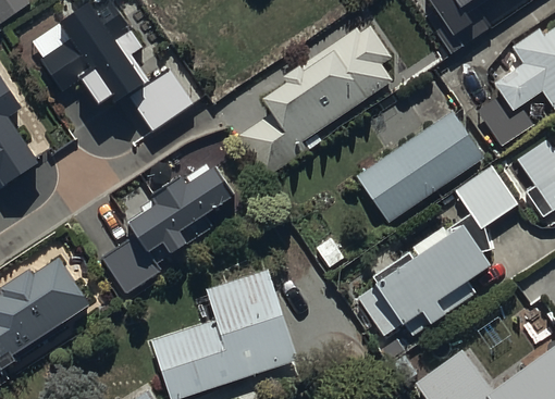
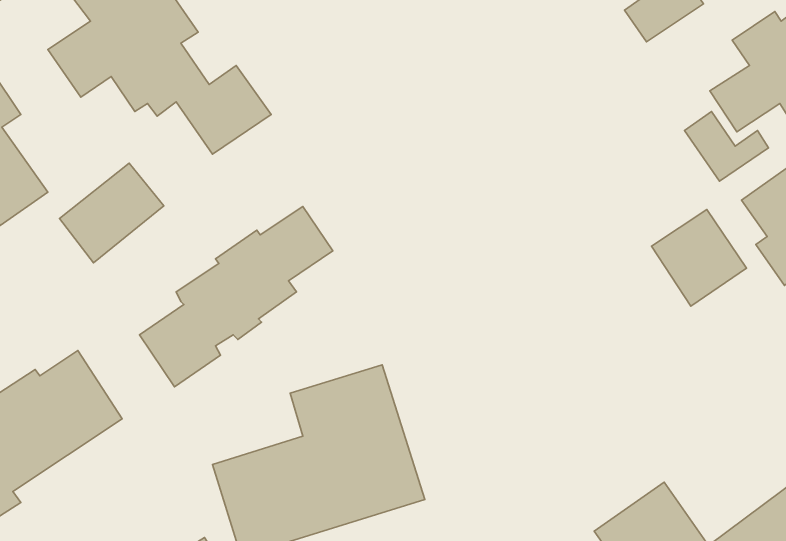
building: [237,25,393,177] -> none
building: [356,111,484,224] -> none
building: none -> [60,163,164,263]
building: [357,212,491,336] -> none

